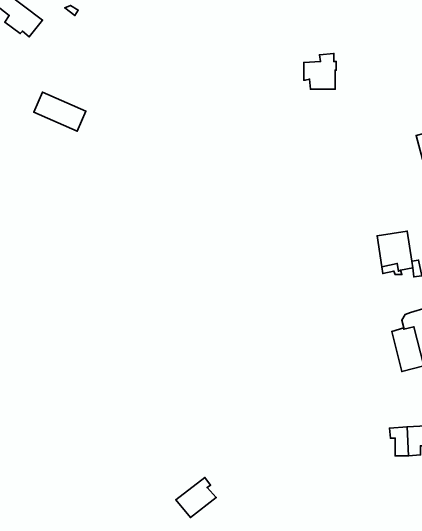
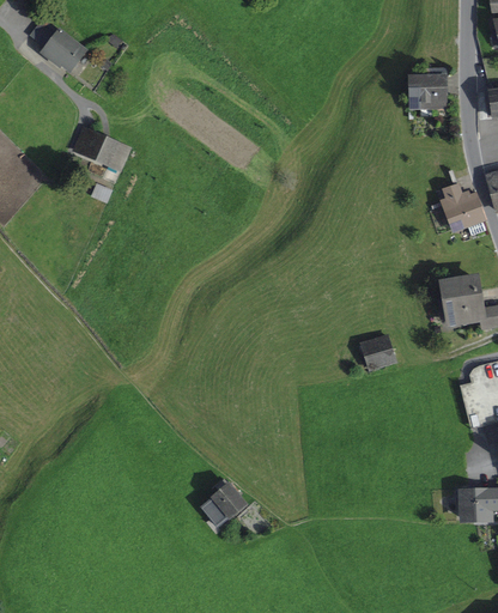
building: [304,54,336,89] -> [411,68,445,107]
building: none -> [443,184,485,235]
building: none -> [363,336,395,369]
building: [176,477,216,517] -> [201,482,244,526]

